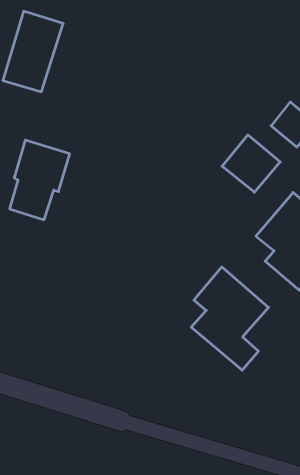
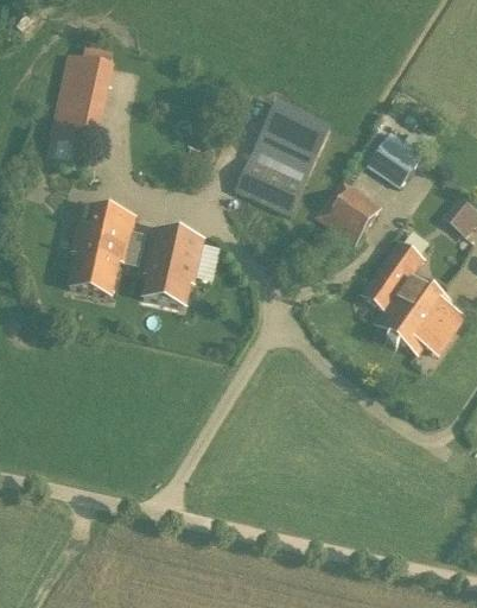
building: none -> [235,100,332,214]
building: none -> [146,226,202,308]
building: [191,267,269,370] -> none

